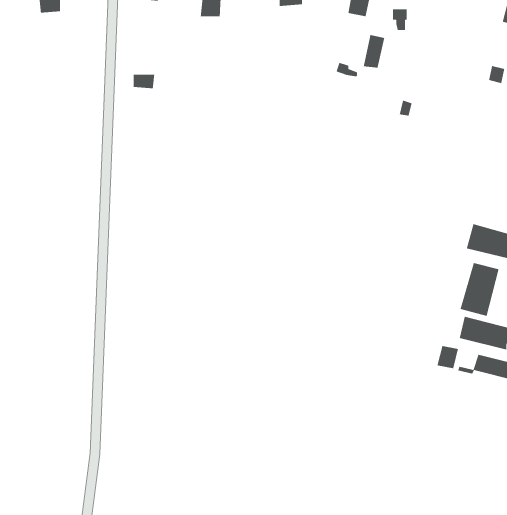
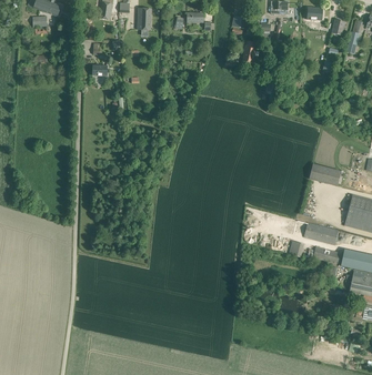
building: [459,262,499,317] -> none

